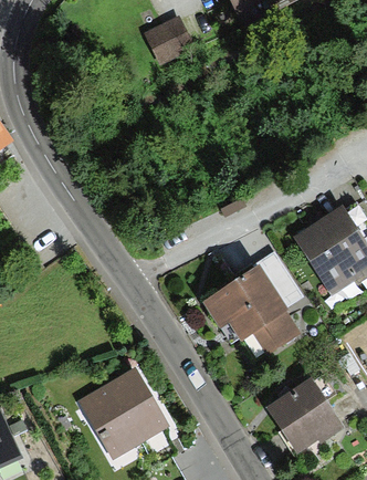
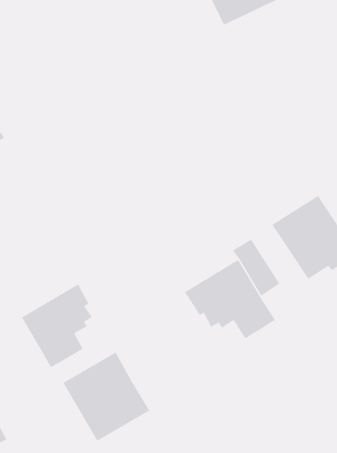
building: [144,15,197,65] -> none
building: none -> [21,284,93,368]
building: [266,376,345,451] -> none

